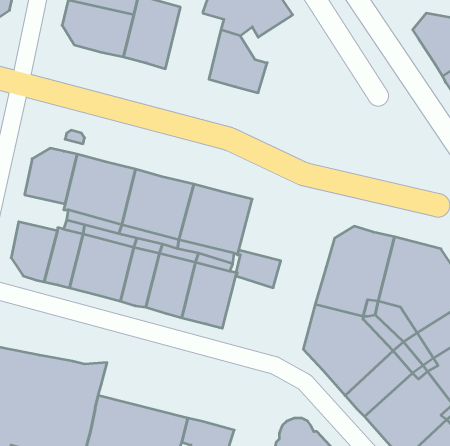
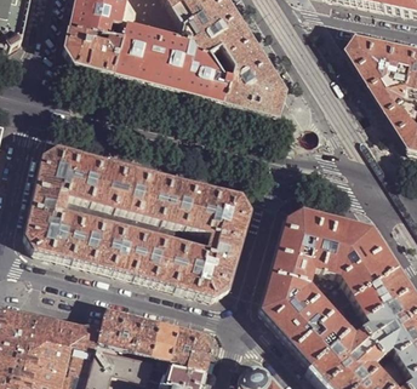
building: none -> [149,33,196,91]
building: none -> [224,39,285,115]
building: none -> [30,184,68,213]
building: none -> [208,188,251,238]
building: none -> [195,250,236,296]
building: none -> [97,305,212,374]

